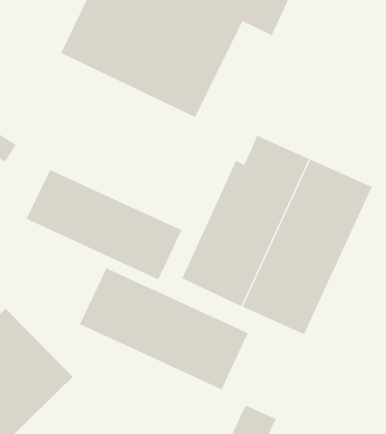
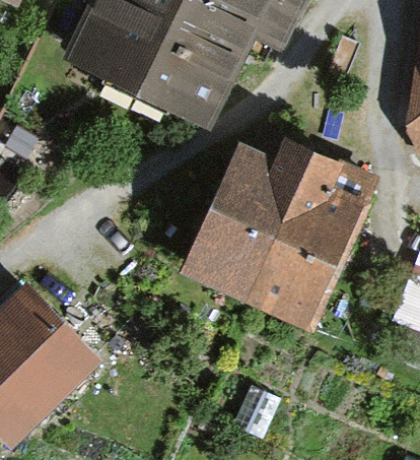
building: [26,169,182,280] -> none
building: [79,267,249,390] -> none

